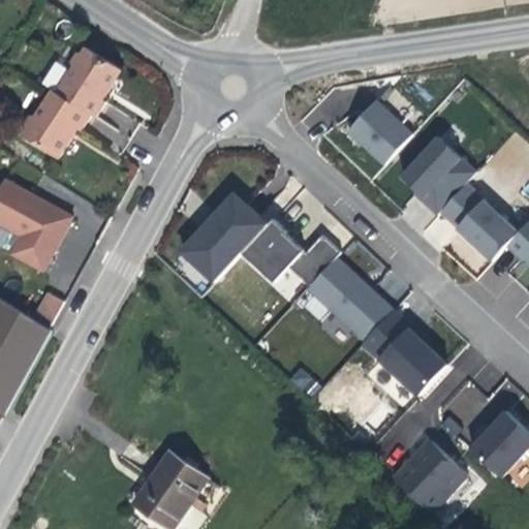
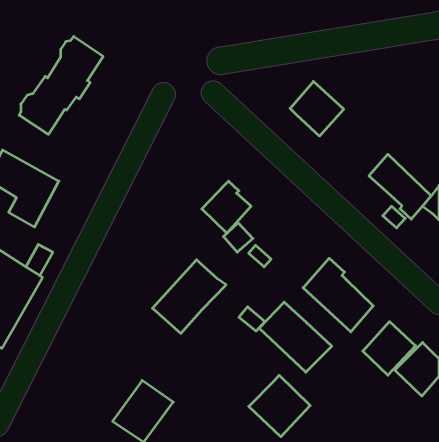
building: [402,137,475,214] -> none
building: [181,190,269,278] -> [152,260,226,333]
building: [285,229,335,280] -> none
building: [306,255,393,339] -> [259,302,332,372]
building: [392,440,465,514] -> [249,375,310,437]

